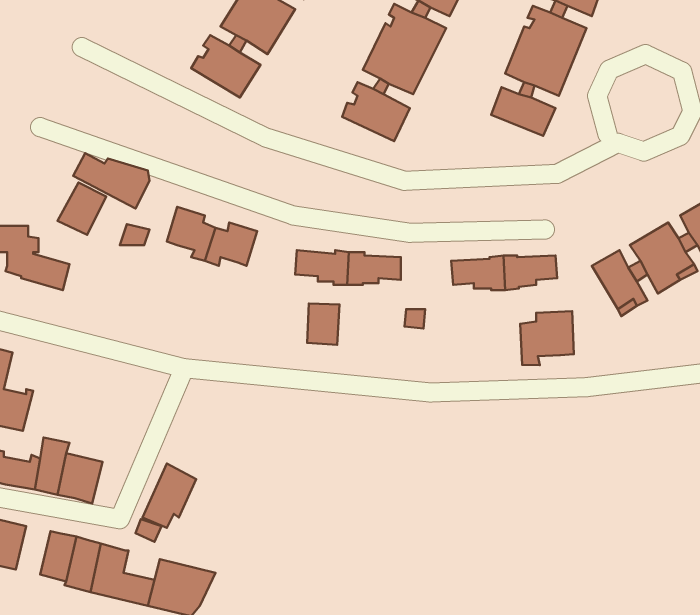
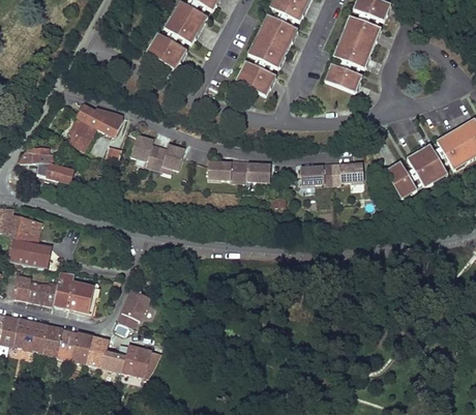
building: [307,304,339,345] -> none
building: [520,311,574,365] -> none
building: none -> [41,325,62,354]

